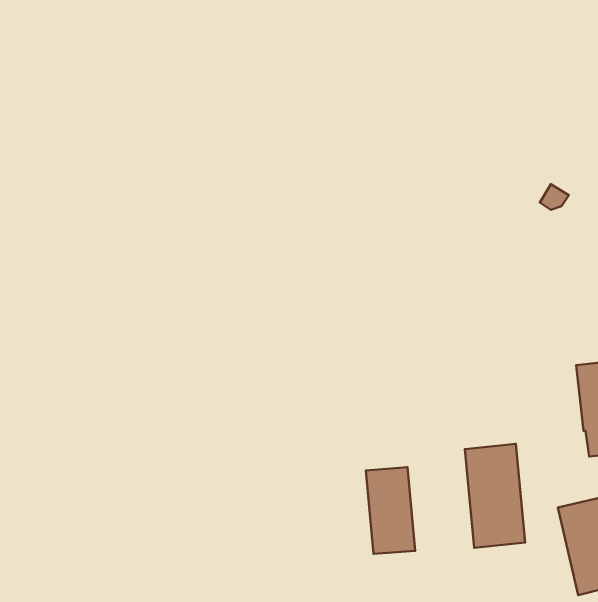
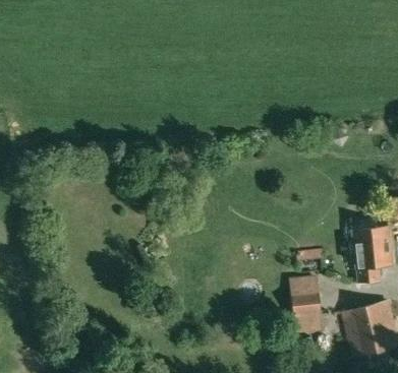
building: [366,467,415,554] -> none

